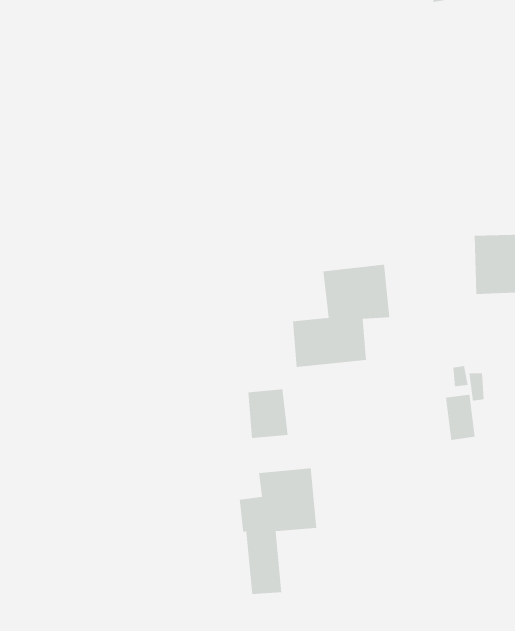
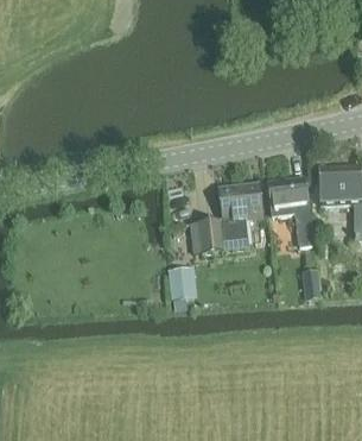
building: none -> [267,177,313,247]
building: [239,467,317,595] -> none

